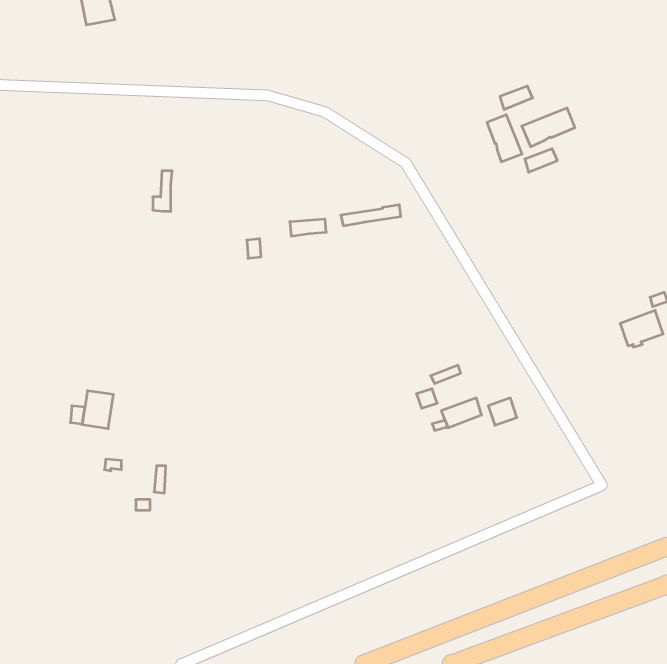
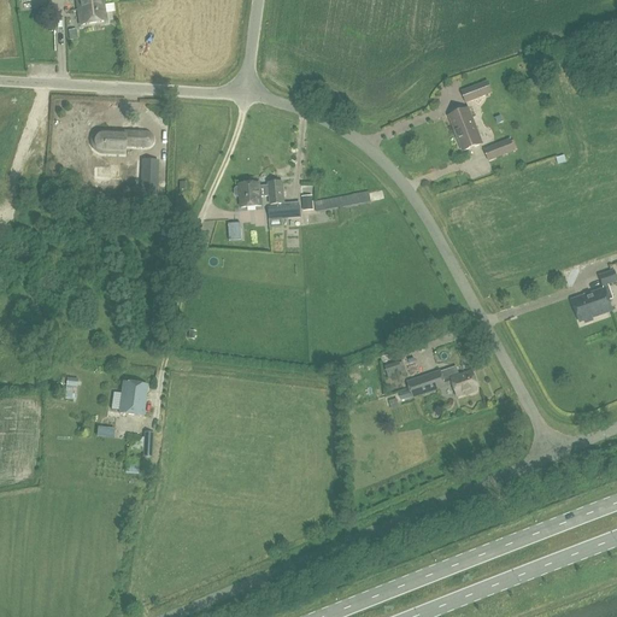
building: [522,108,575,147] -> none
building: none -> [92,129,152,151]
building: none -> [235,181,284,205]
building: [82,391,113,429] -> [118,380,147,415]

